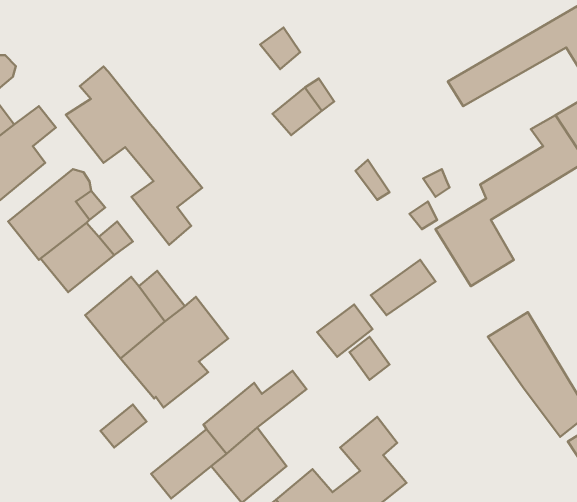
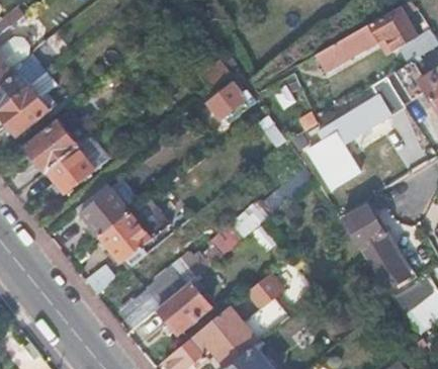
building: [66,66,202,245] -> none
building: none -> [208,82,256,122]

